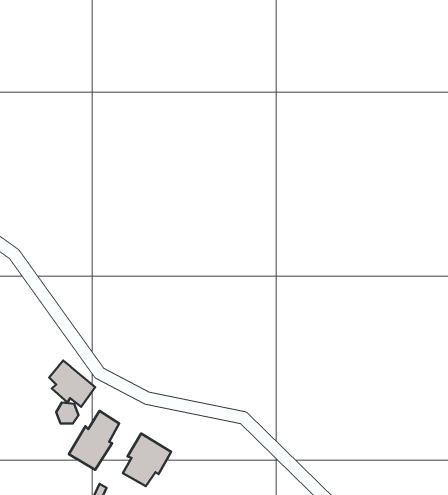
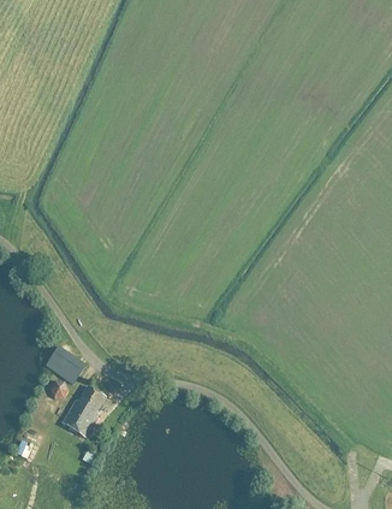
building: [123,433,171,486] -> none

